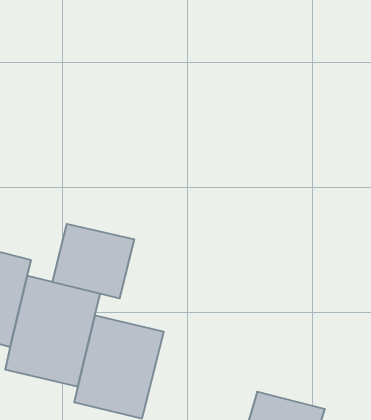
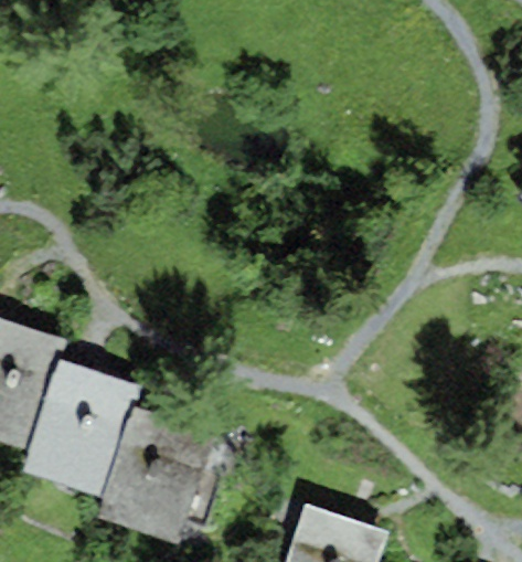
building: [53,224,134,298] -> none

